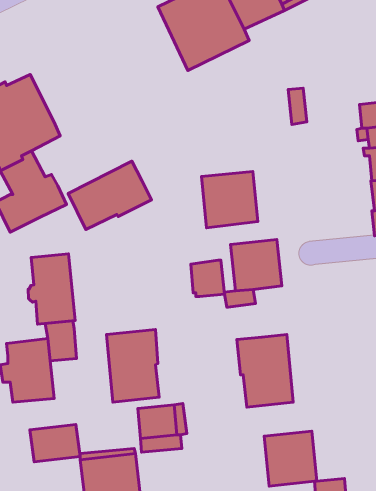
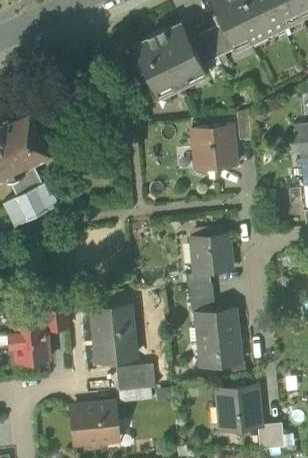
building: [68,161,151,230] -> none
building: [202,171,258,228] -> [191,125,236,170]
building: [28,254,75,324] -> none
building: [191,260,224,297] -> [188,284,215,313]
building: [30,425,80,462] -> none

